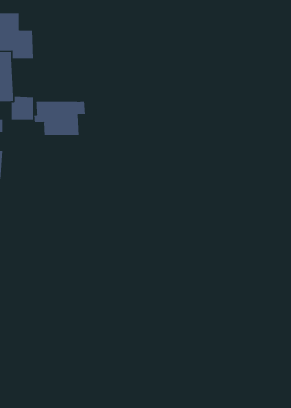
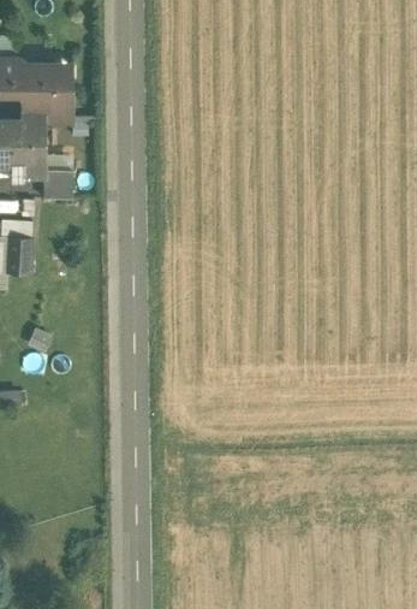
building: [34,101,85,136] -> none

